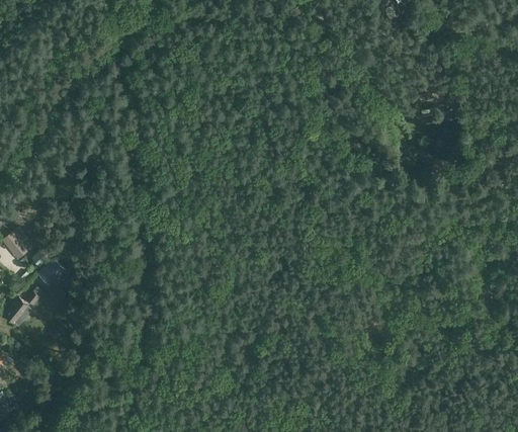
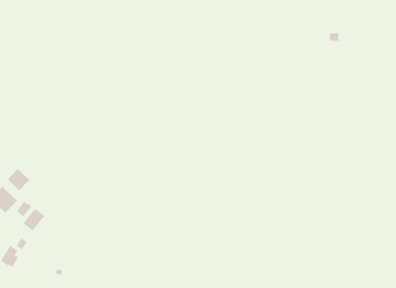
building: none -> [7,168,30,191]

